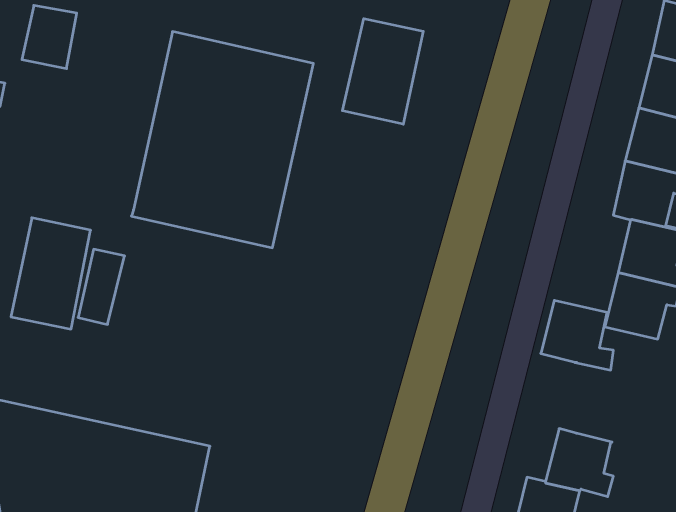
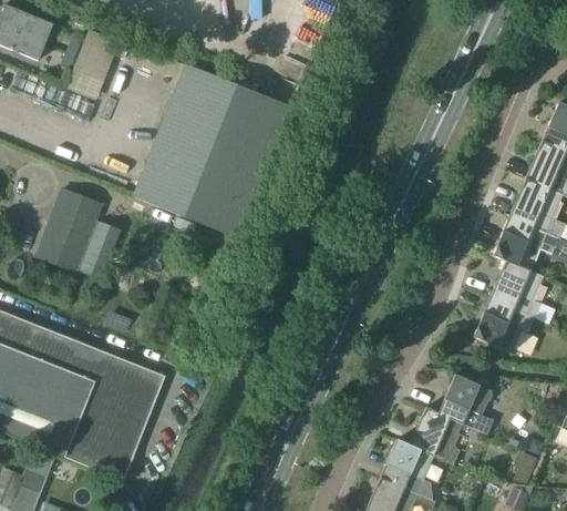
building: [342,19,423,124] -> none
building: [541,300,613,370] -> [439,375,493,433]

